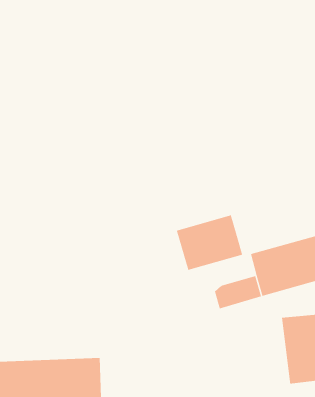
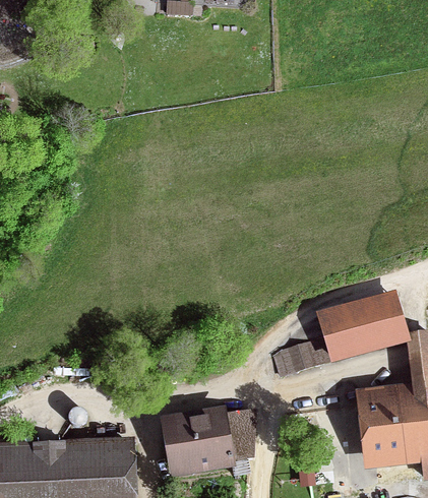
building: [176,214,243,271] -> none
building: none -> [161,403,257,477]

